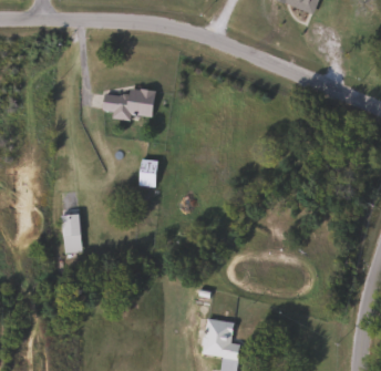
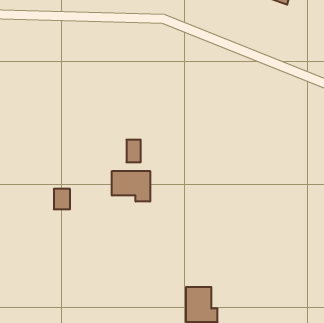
building: [103,87,156,118] -> none
building: none -> [112,171,150,202]

